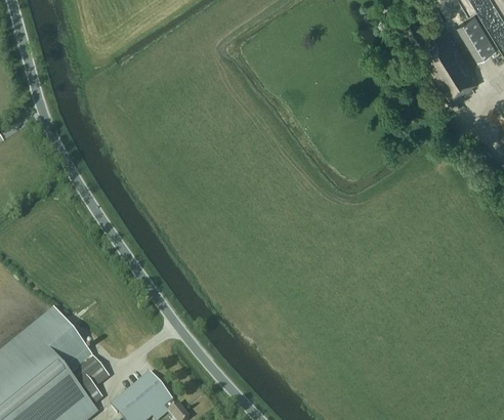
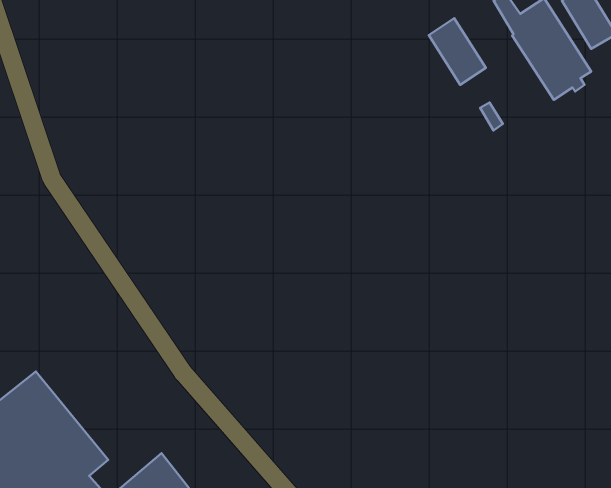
building: none -> [429,18,486,85]

